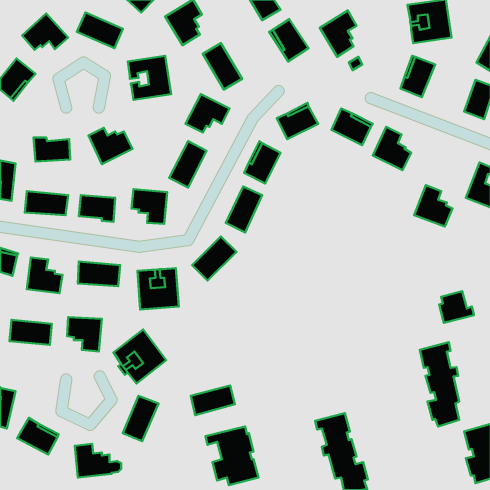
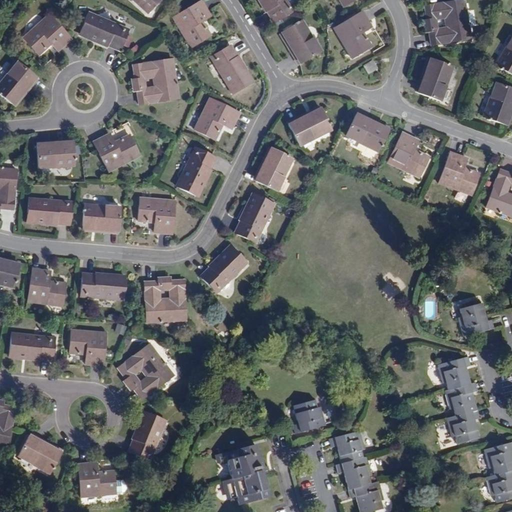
building: [414,185,453,227] -> [439,152,479,195]
building: none -> [293,400,326,433]
building: [191,386,235,415] -> none

